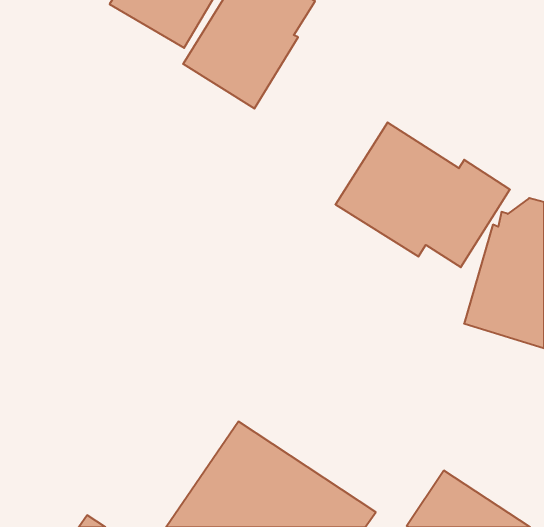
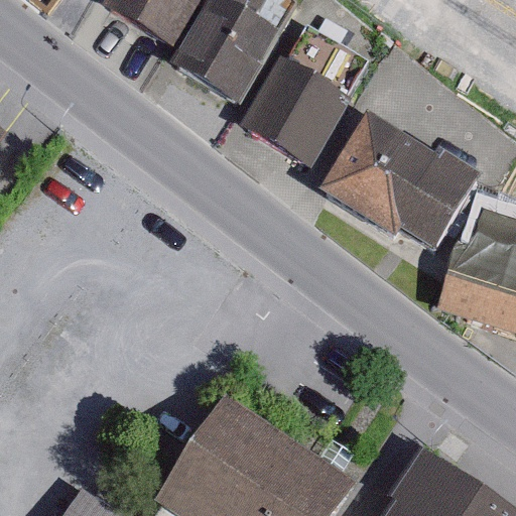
building: none -> [239,23,368,167]

